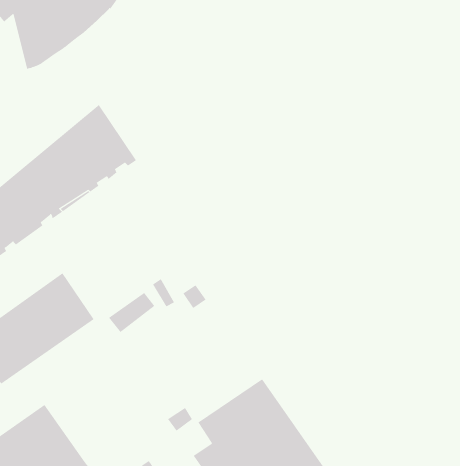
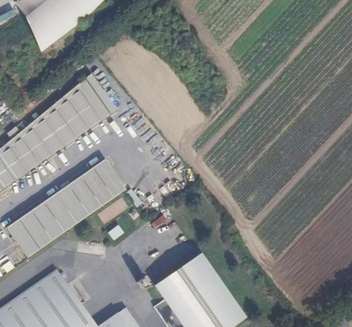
building: none -> [68,163,120,215]

